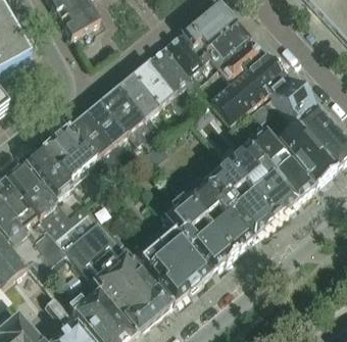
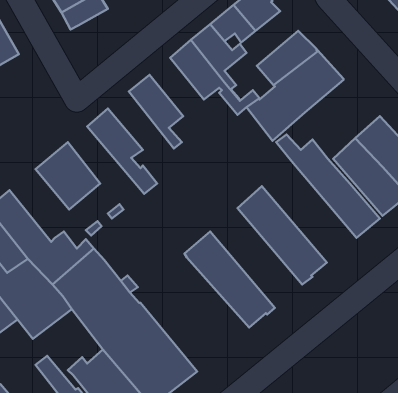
building: [205,21,251,64] -> none
building: [134,58,192,113] -> none
building: [256,76,315,134] -> none
building: [101,85,160,145] -> none
building: [69,112,130,172] -> none
building: [222,140,297,219] -> none
building: [27,146,75,198] -> none
building: [182,177,254,255] -> none
building: [135,215,212,302] -> none

